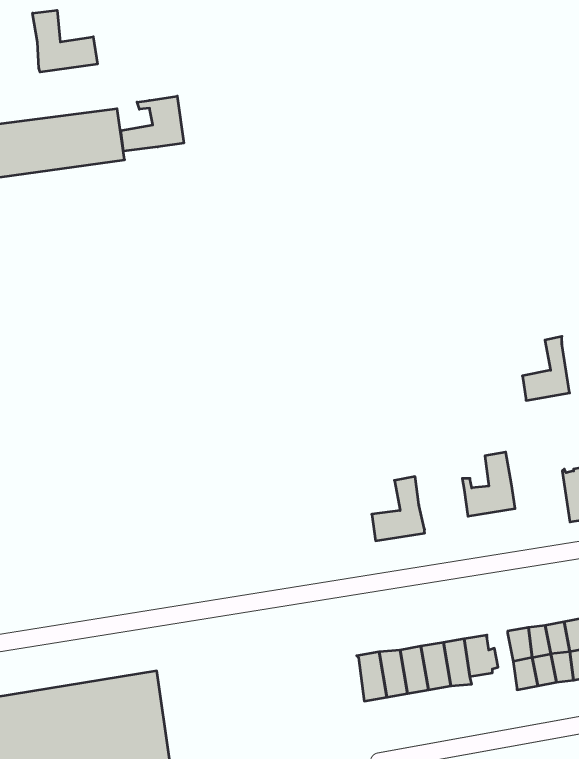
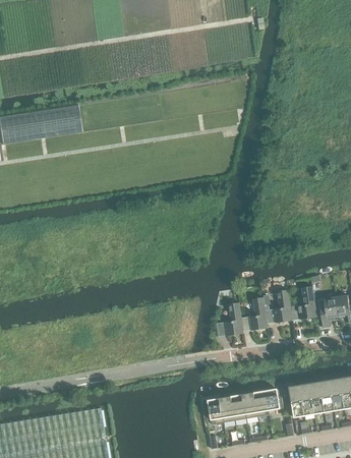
building: [33,10,97,72] -> none
building: [121,96,184,151] -> none
building: [522,336,570,400] -> [290,286,315,321]
building: none -> [240,297,267,332]

